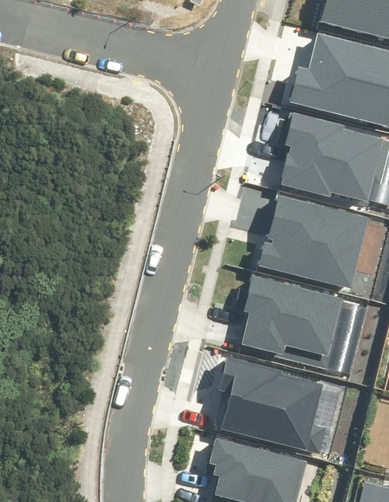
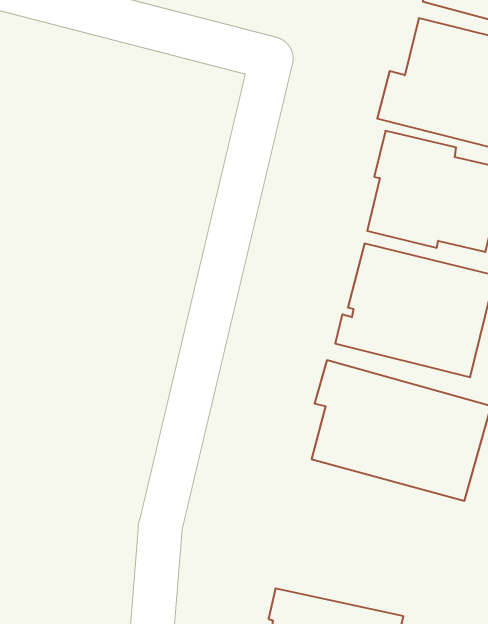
building: [218,356,326,452] -> none

